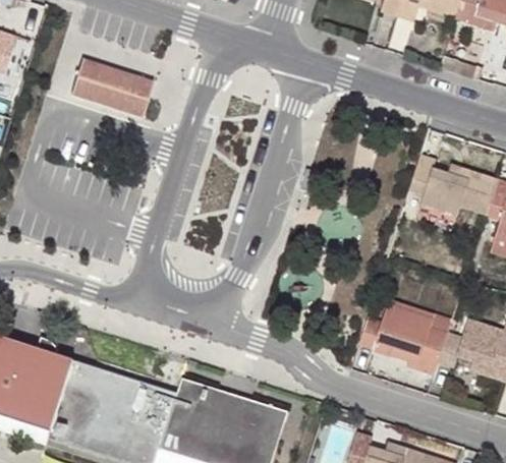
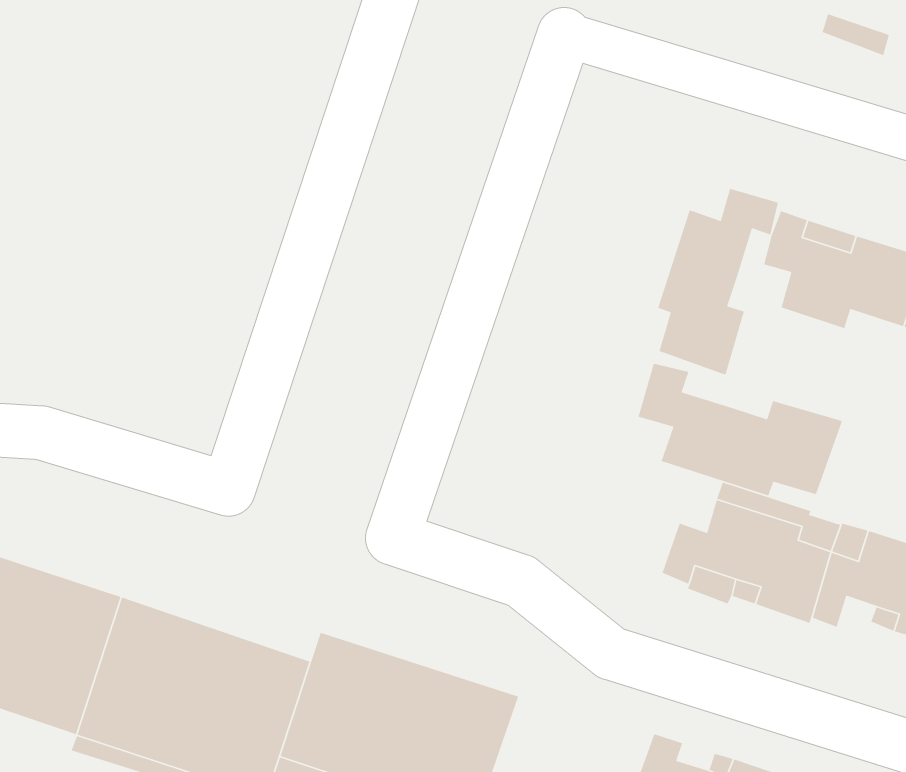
building: [70,57,154,118] -> none
building: none -> [657,188,779,375]
building: none -> [637,363,843,497]

